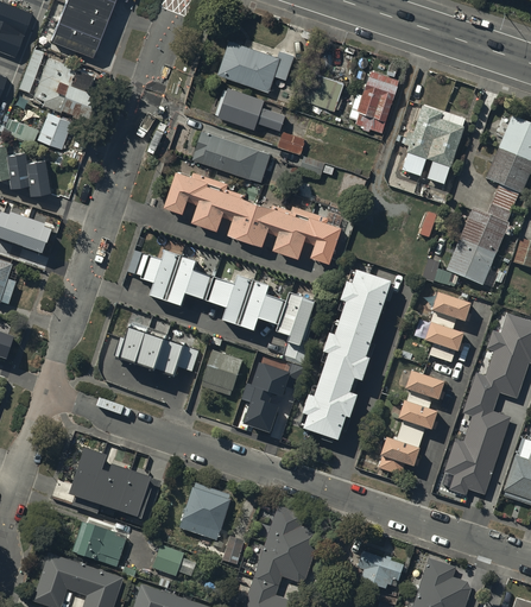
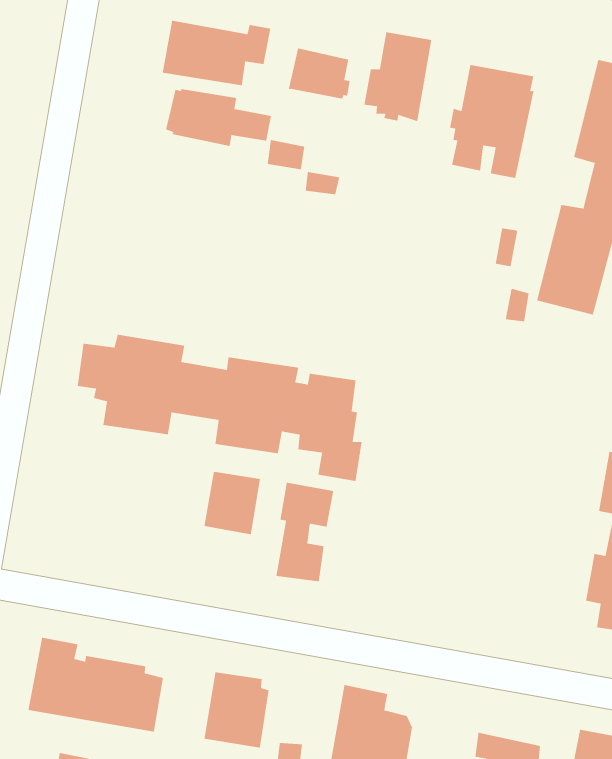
building: [192,132,271,184] -> none
building: [164,173,347,270] -> none
building: [302,261,393,432] -> none
building: [424,293,472,365] -> none
building: [113,327,198,377] -> none
building: [378,371,447,478] -> none

